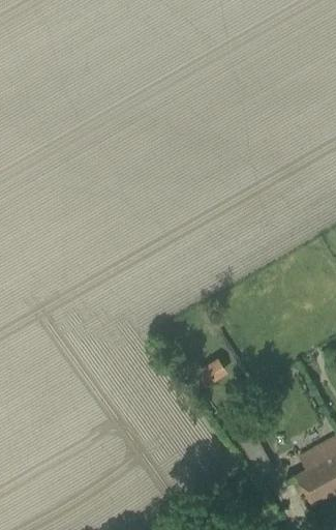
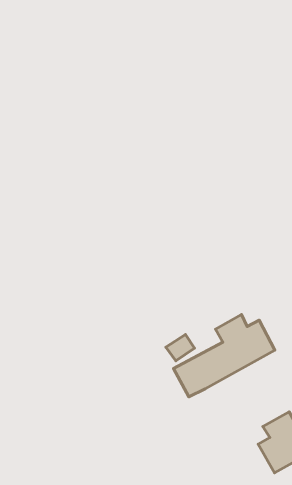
building: none -> [173,315,275,397]

